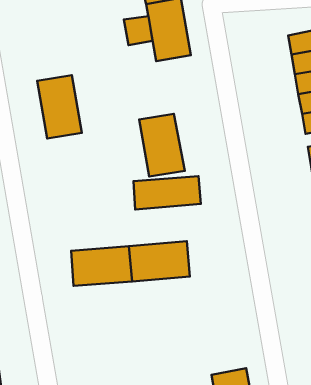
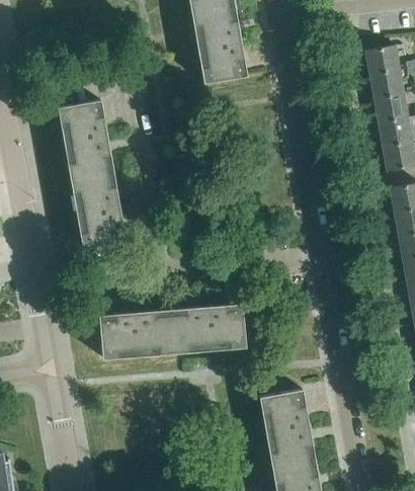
building: [124,16,153,45] -> none
building: [139,114,185,176] -> [70,171,126,248]
building: [134,176,201,210] -> none
building: none -> [259,390,314,468]

